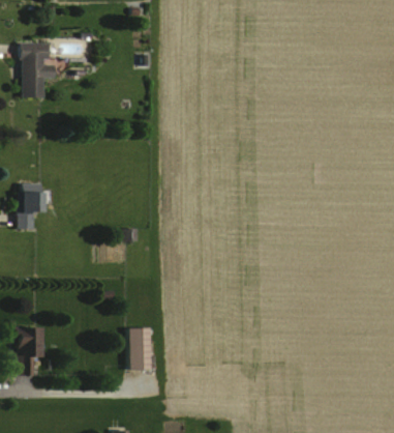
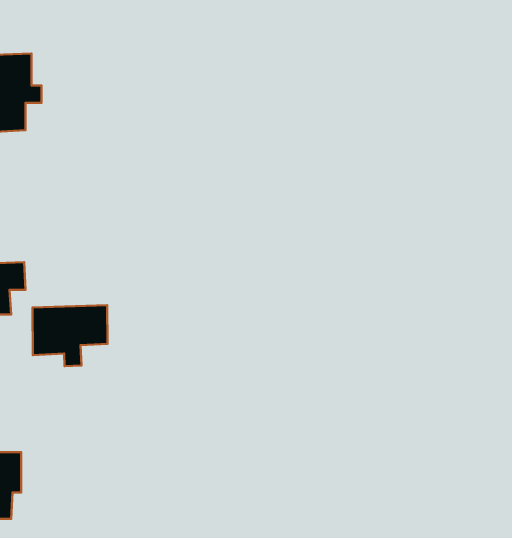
building: none -> [32,305,107,366]
building: [129,326,150,370] -> none

